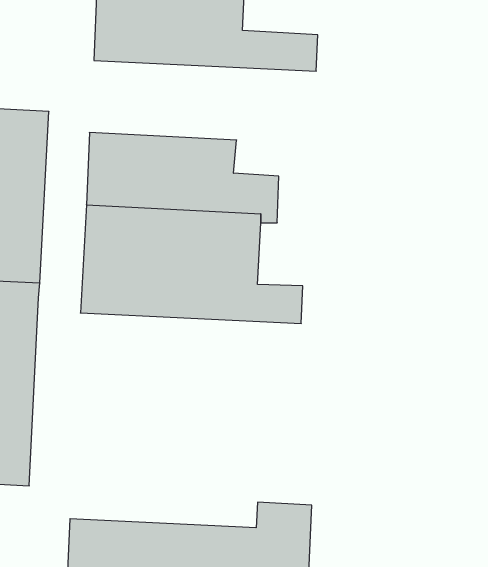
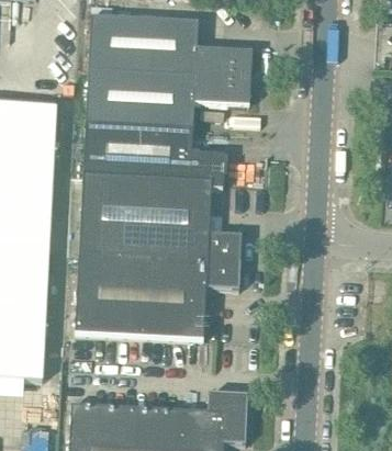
building: none -> [85,69,250,127]
building: none -> [74,253,239,339]

